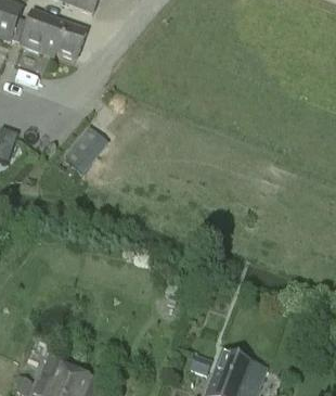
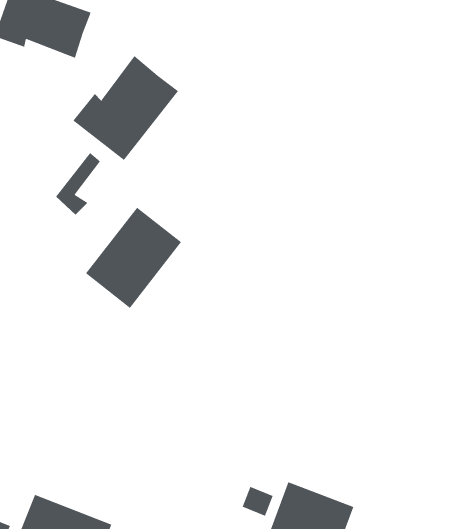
building: none -> [72,55,179,161]
building: none -> [85,207,182,309]

